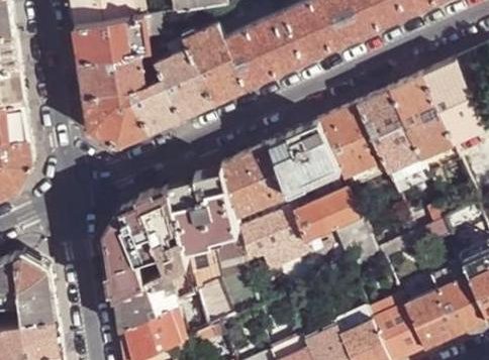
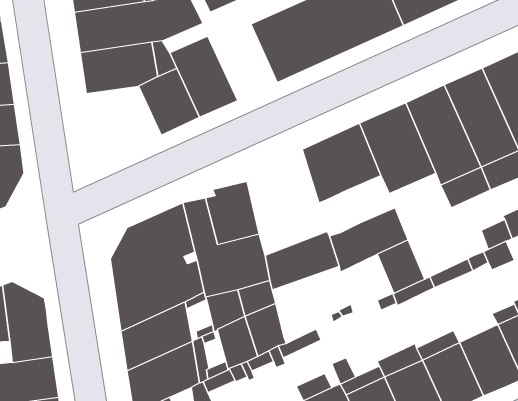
building: [183,23,244,102] -> none
building: [83,90,146,145] -> none
building: [218,143,284,219] -> none
building: [304,165,345,206] -> none

